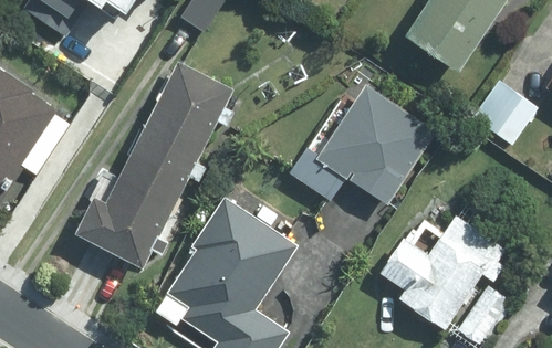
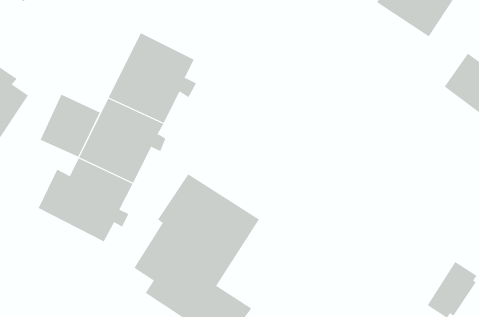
building: [290,86,434,201] -> none
building: none -> [40,94,101,157]
building: [383,219,503,327] -> none

